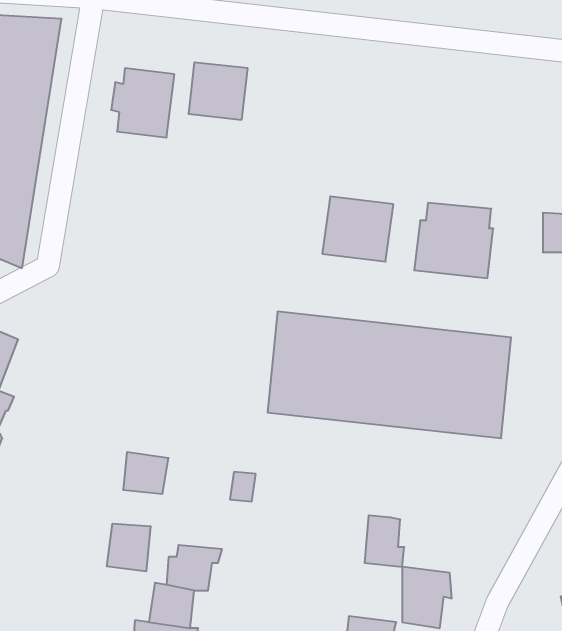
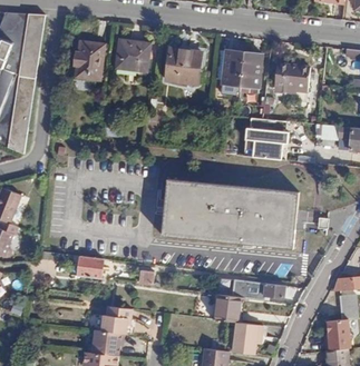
building: none -> [165,47,200,82]
building: none -> [272,62,308,87]
building: [322,196,393,262] -> [220,50,260,87]
building: none -> [228,277,283,298]
building: [107,524,150,571] -> none

